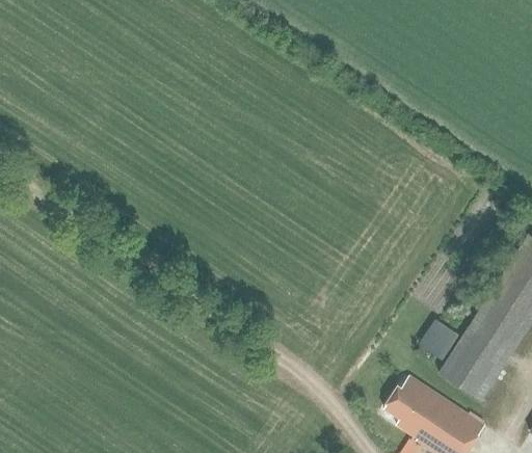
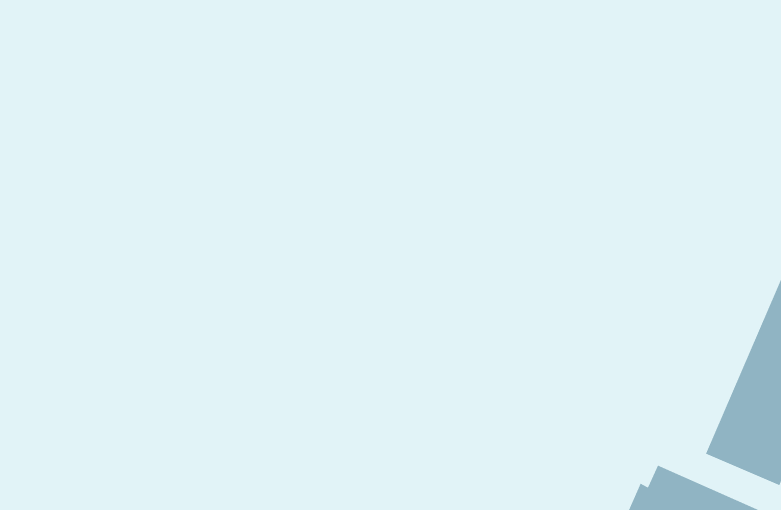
building: [421,320,456,356] -> none

